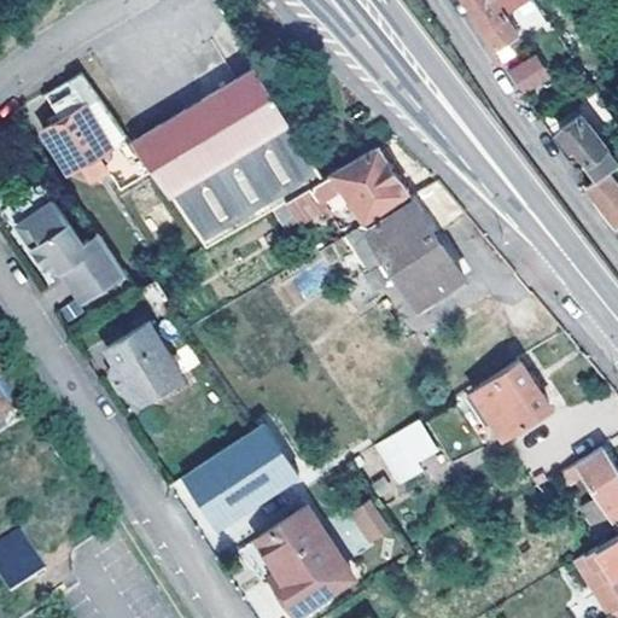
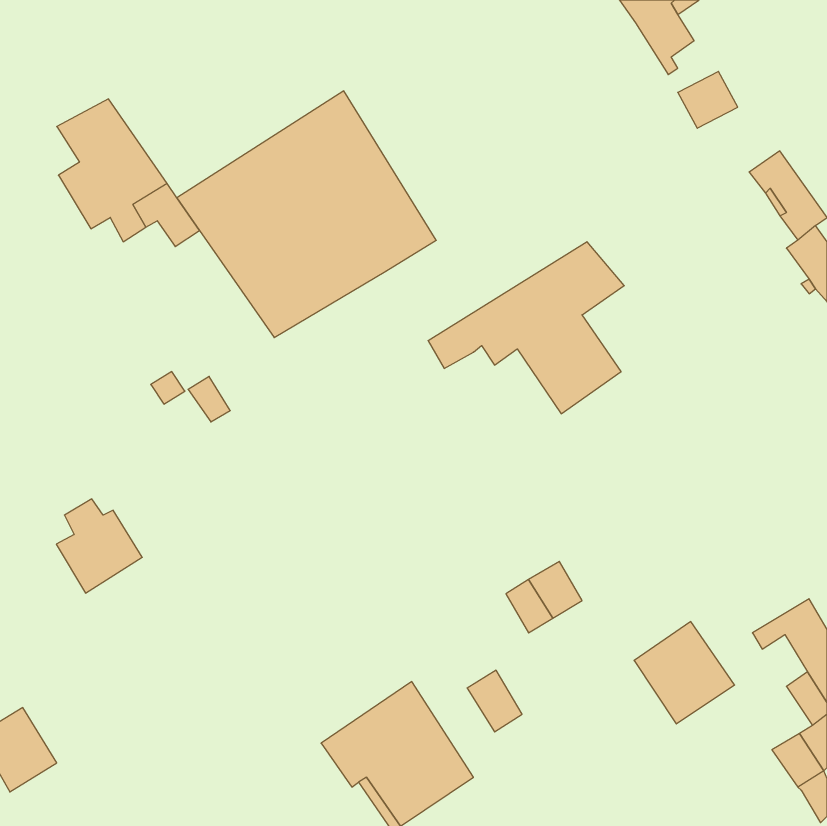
building: [287,148,407,223] -> none
building: [8,188,122,304] -> none
building: [117,332,181,402] -> [56,499,142,593]
building: [474,362,549,438] -> [634,622,735,724]
building: [186,424,301,529] -> none

